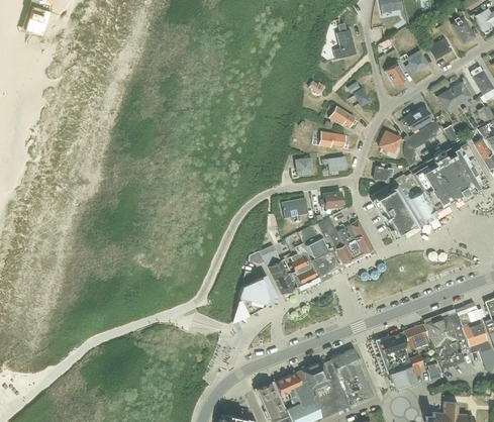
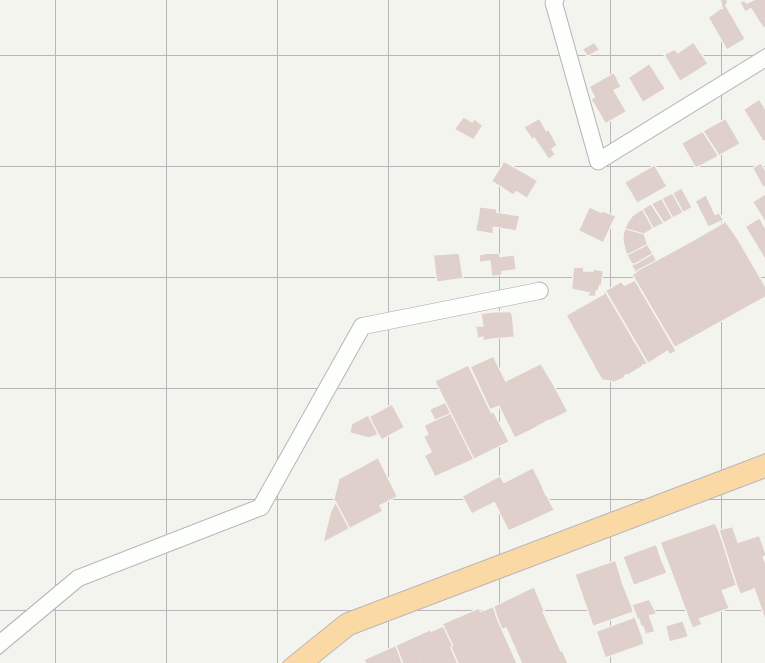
building: [334,29,356,59] -> none
building: [282,198,308,217] -> none
building: [269,258,295,294] -> none
building: none -> [462,468,554,531]

